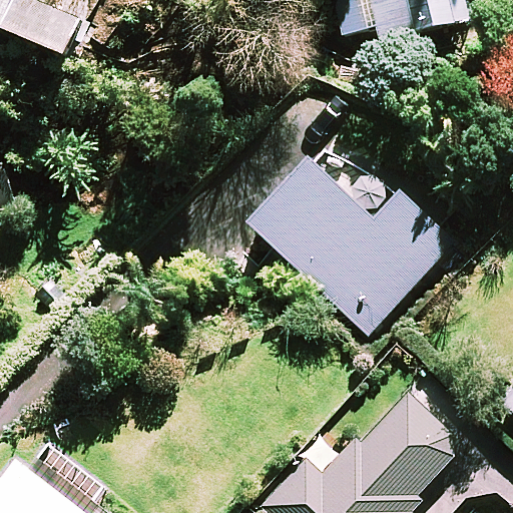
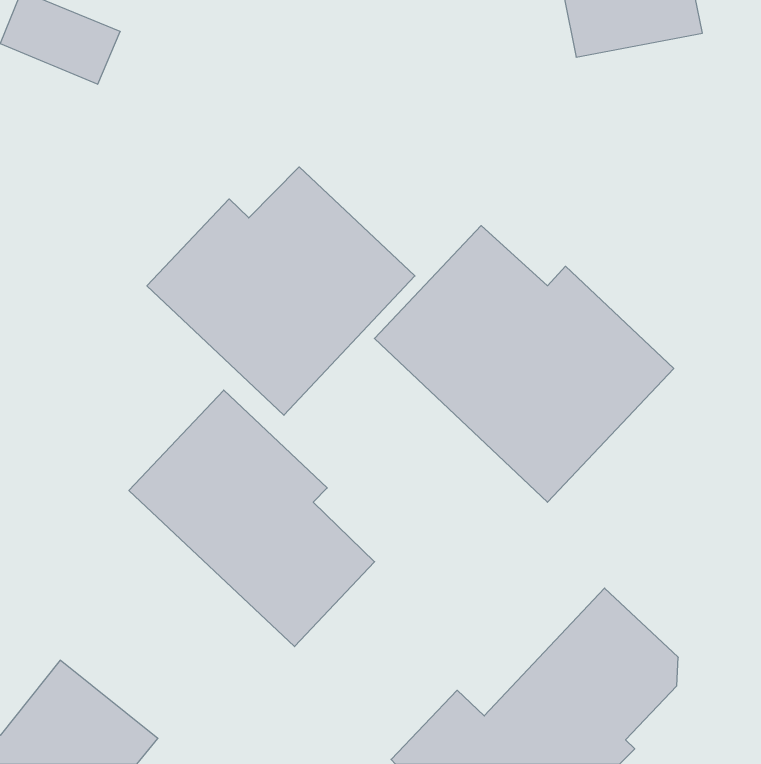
building: none -> [147,167,415,415]
building: none -> [129,390,375,647]

